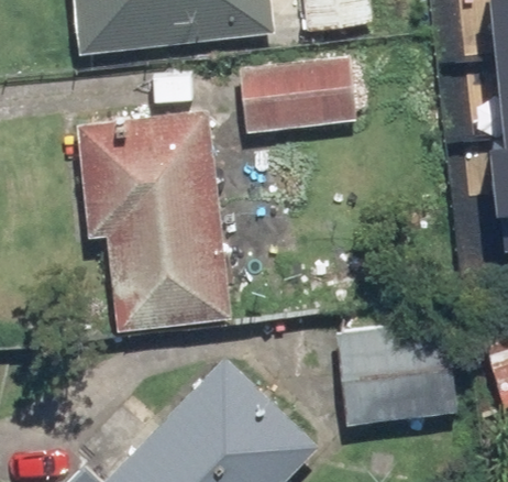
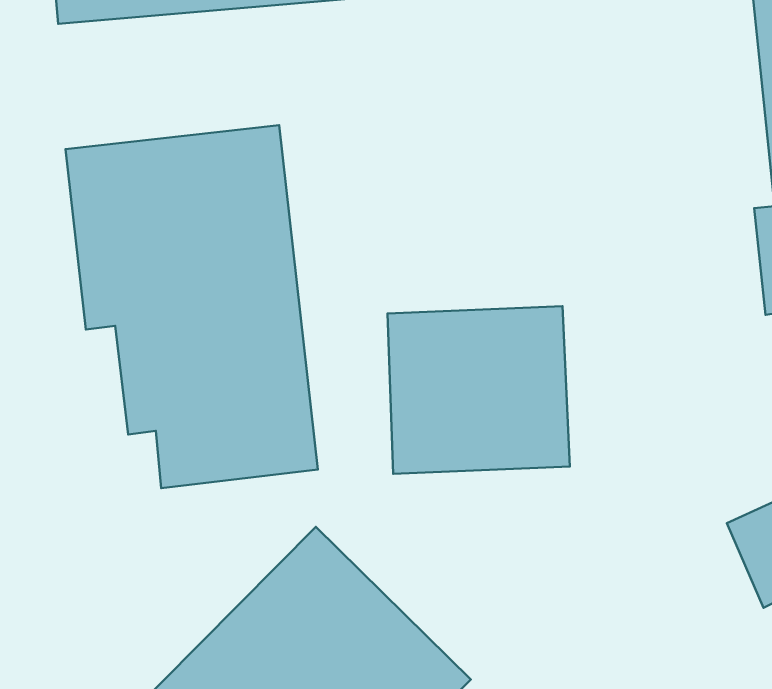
building: [241,61,358,131] -> none
building: [340,326,449,426] -> [388,306,570,474]

